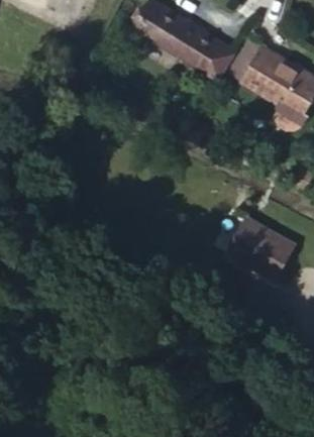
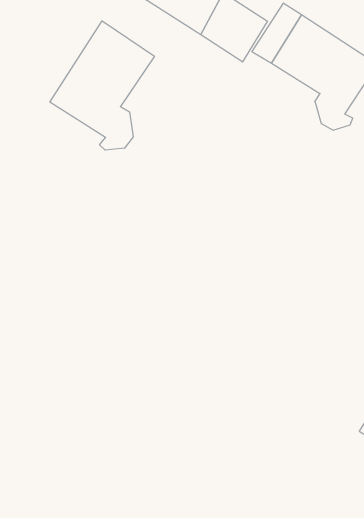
building: none -> [50,21,154,150]
building: [215,220,287,288] -> none

